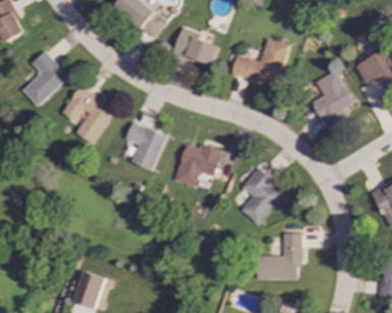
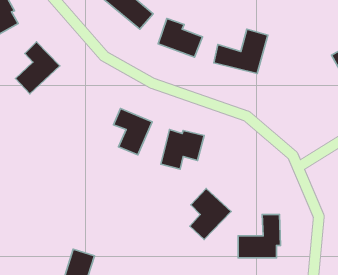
building: [312,70,354,123] -> none
building: [62,85,115,143] -> none
building: [240,169,284,223] -> [190,188,231,240]

